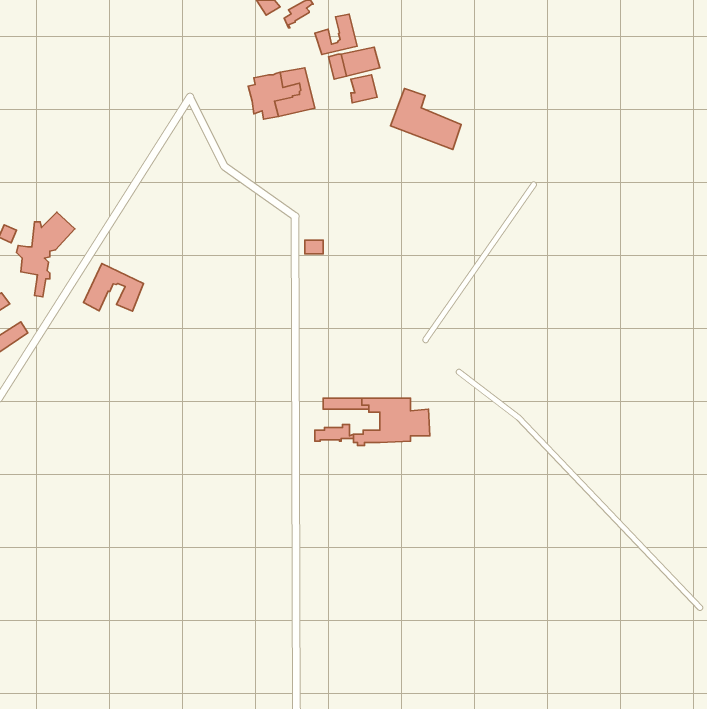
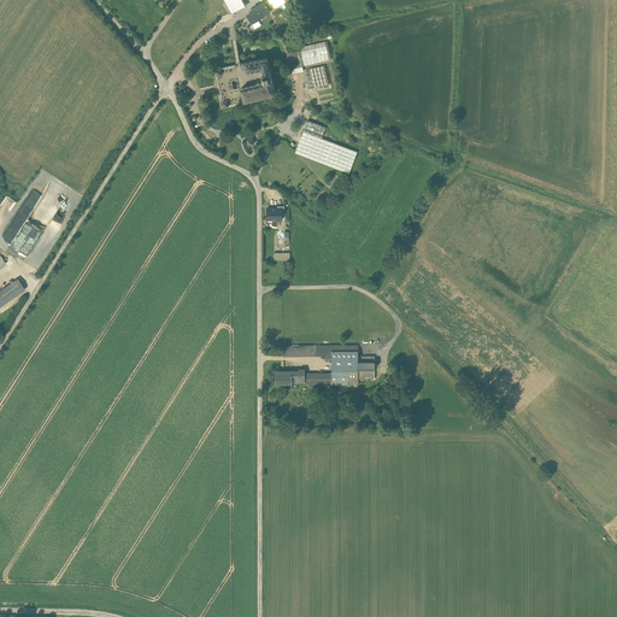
building: [315,14,357,55] -> none
building: [391,88,461,149] -> [294,121,355,174]
building: [83,264,143,311] -> none

